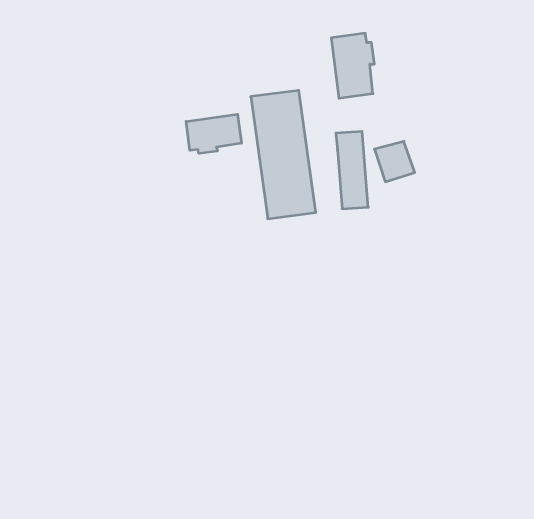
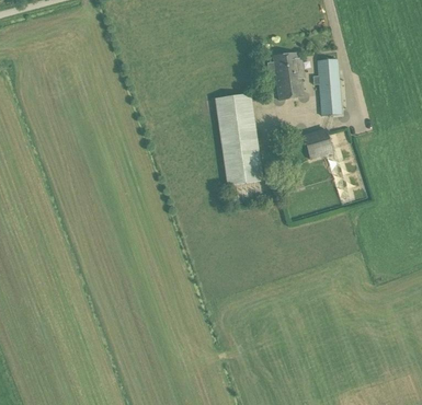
building: [186,114,241,153] -> none
building: [336,131,368,209] -> [318,59,341,114]

